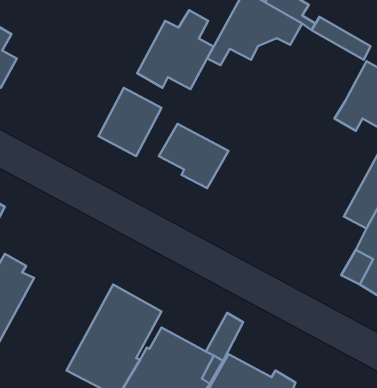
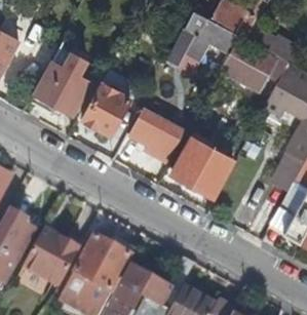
building: [137,10,213,89] -> [32,52,90,113]
building: none -> [225,37,287,92]
building: none -> [172,137,232,196]
building: none -> [23,226,80,286]

